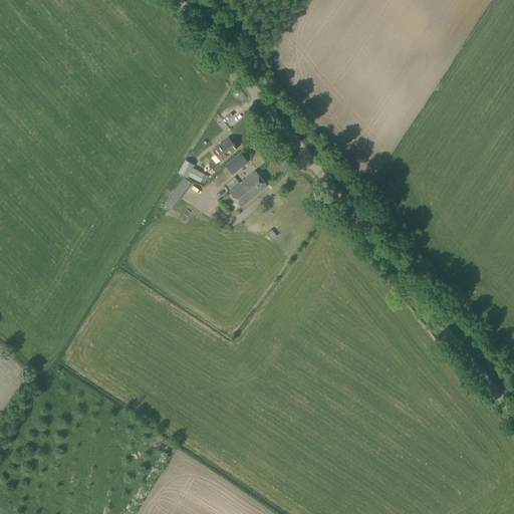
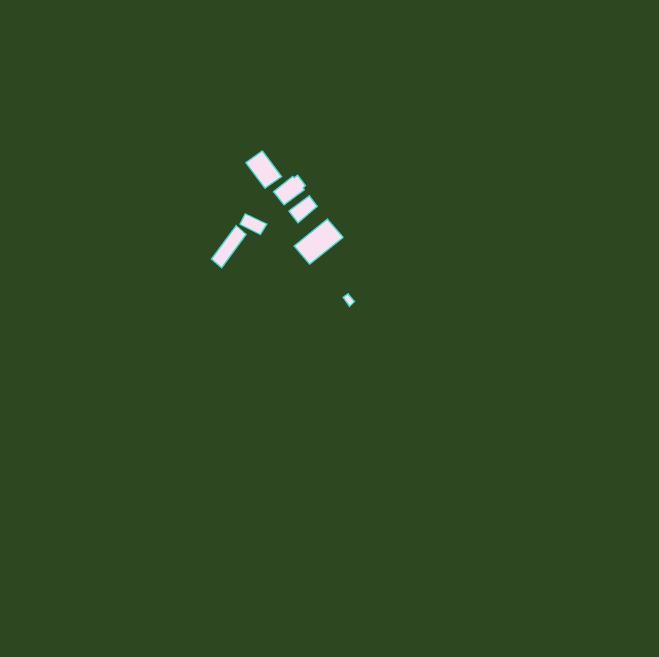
building: none -> [246,151,282,188]

